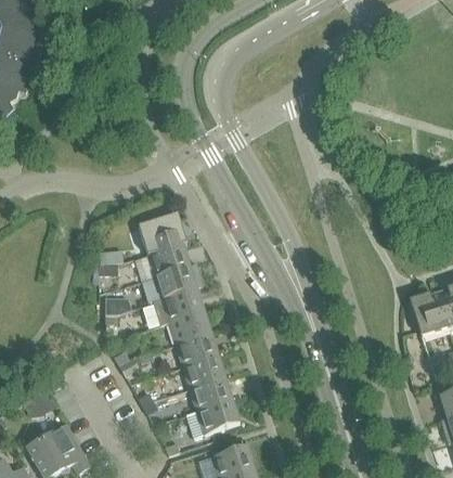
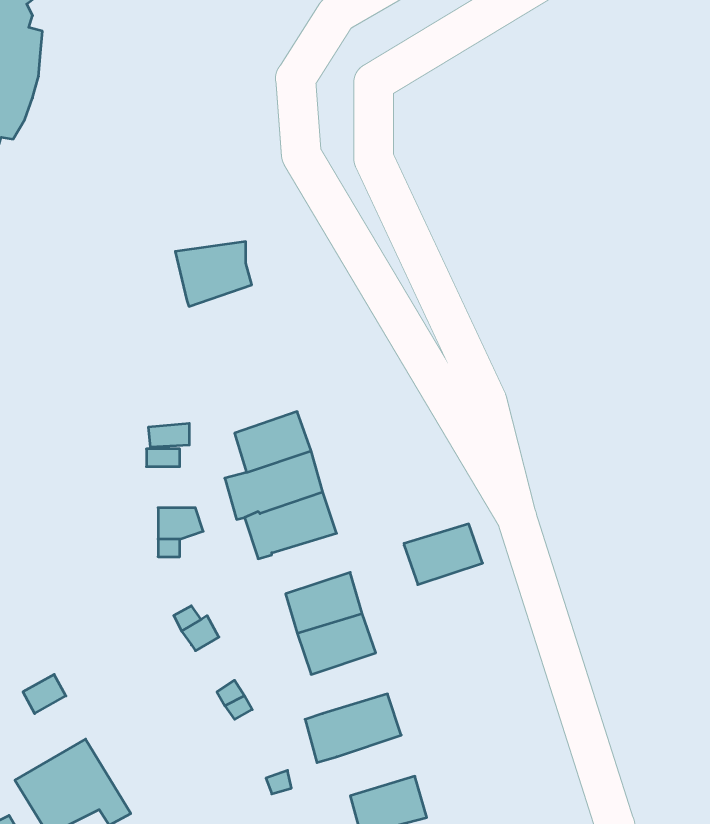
building: [139,220,181,256] -> [175,242,252,306]
building: [167,311,210,345] -> [404,524,483,585]
building: [189,377,231,411] -> none

